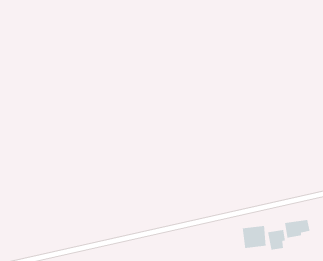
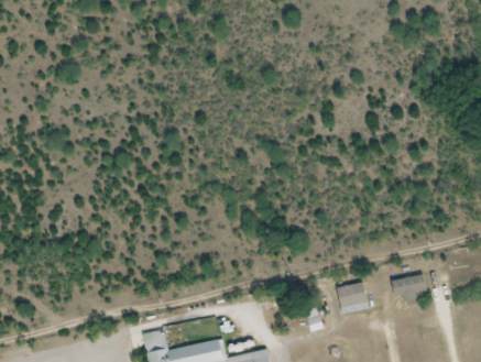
building: [267,229,286,250] -> none

